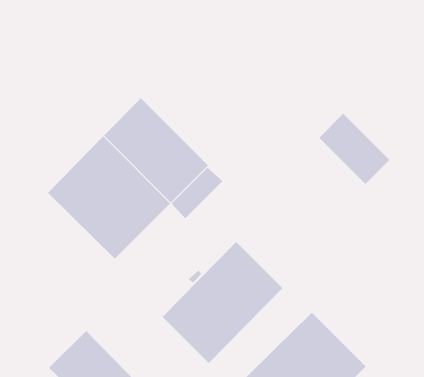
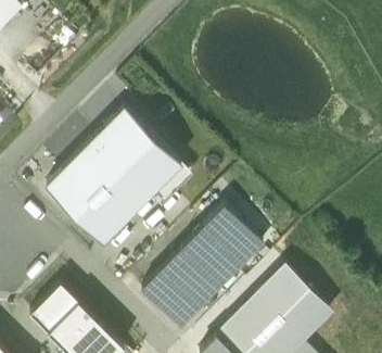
building: [318,113,390,185] -> [204,207,264,267]
building: none -> [267,269,330,332]
building: none -> [29,285,78,333]

